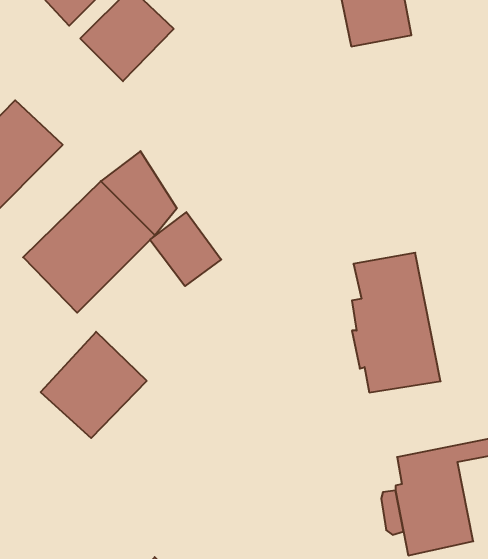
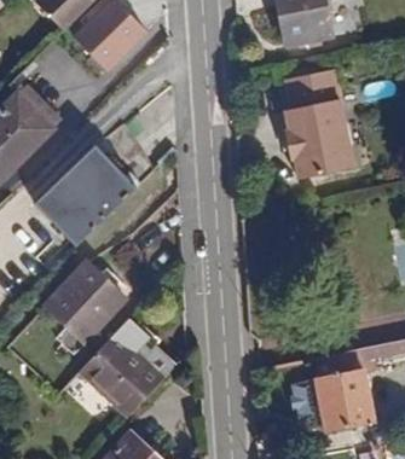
building: [150,212,221,286] -> none
building: [352,253,441,392] -> [283,72,351,179]
building: none -> [77,321,175,418]

